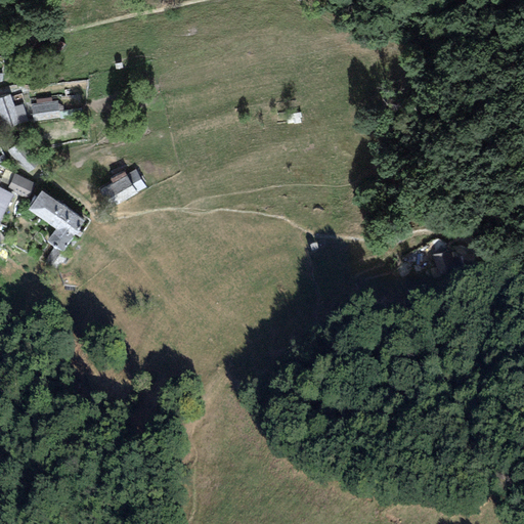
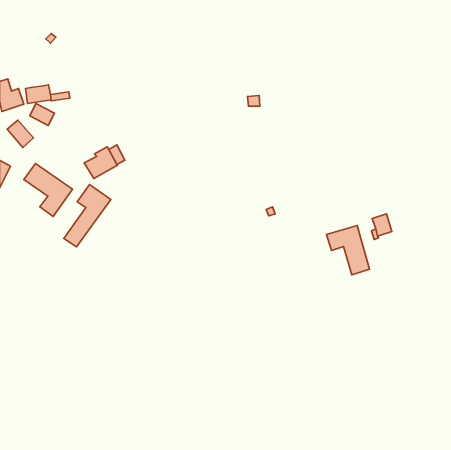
building: [6,171,35,196] -> [30,103,55,126]
building: none -> [64,184,111,247]
building: none -> [326,225,370,275]

